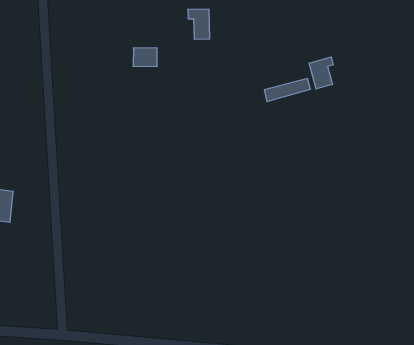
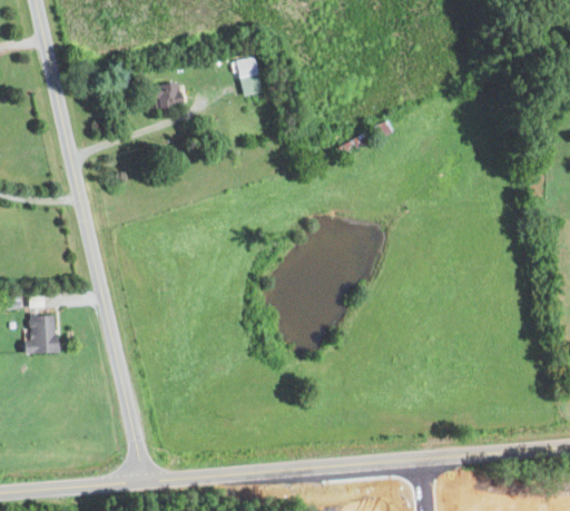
building: [133,48,157,67] -> [151,81,184,108]
building: [309,57,333,89] -> none

